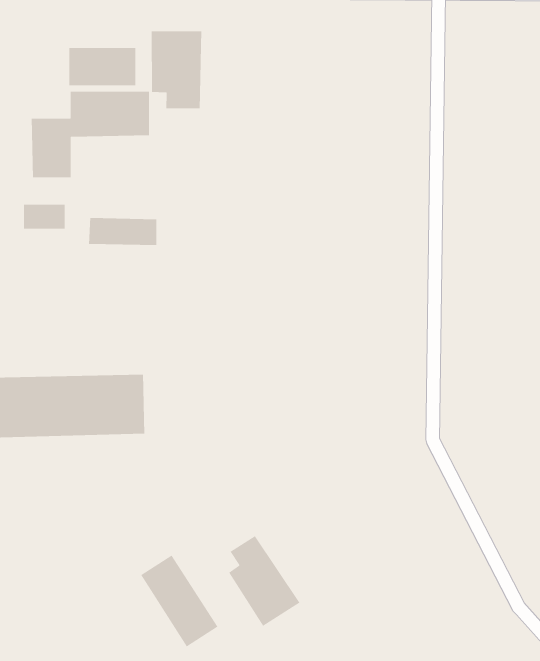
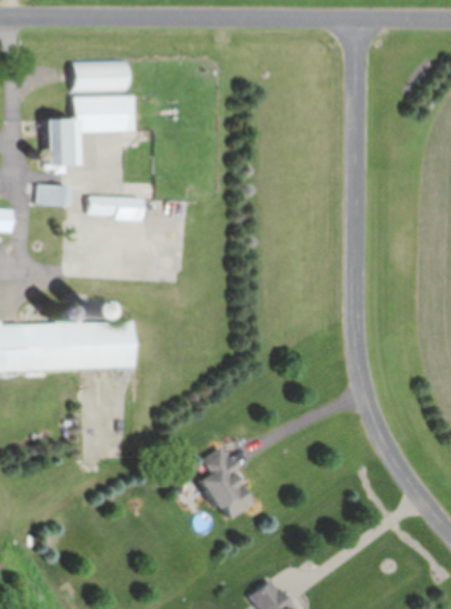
building: [151,31,202,109] -> none
building: [140,554,218,647] -> none

